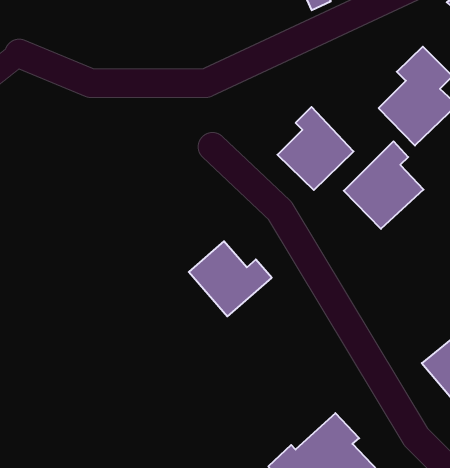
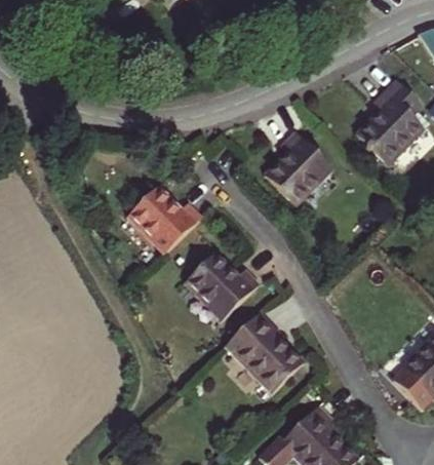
building: [344,141,424,229] -> none
building: none -> [126,184,201,250]
building: none -> [224,307,303,392]

